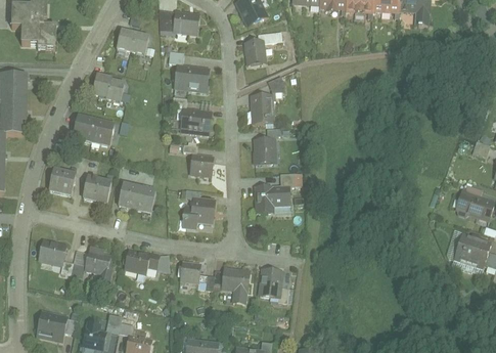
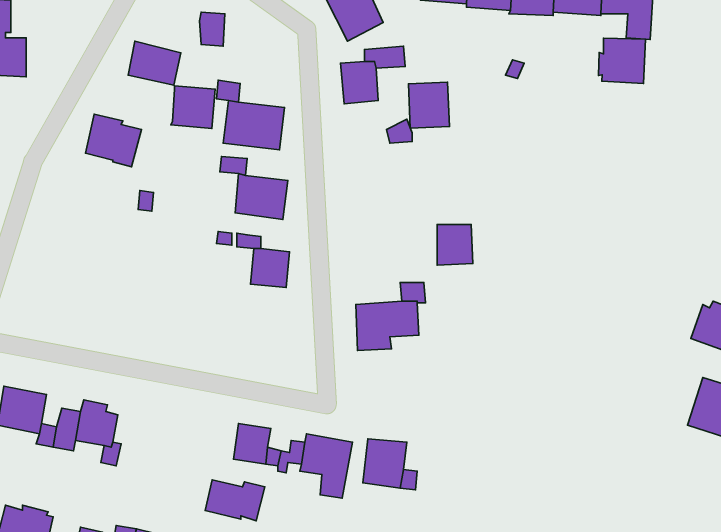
building: [172,9,198,35] -> [171,86,215,128]
building: none -> [599,38,646,83]
building: [253,93,277,121] -> [409,82,449,128]
building: [70,115,114,147] -> none
building: [256,136,277,161] -> [437,225,473,265]
building: [45,167,75,194] -> none
building: [81,174,111,204] -> none
building: [117,181,155,214] -> none
building: [182,195,215,227] -> none
building: [123,249,159,273] -> [205,480,265,521]

